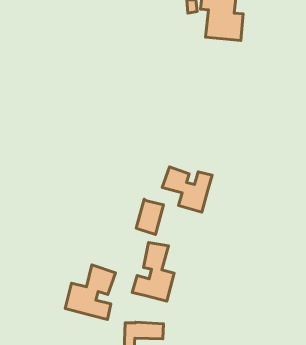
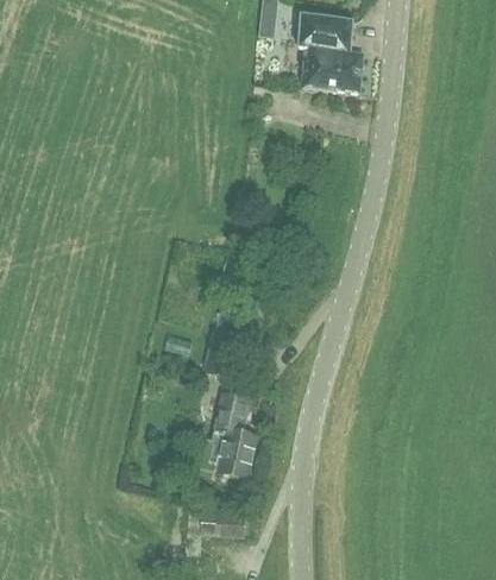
building: [162,167,212,212] -> none
building: [65,265,115,319] -> none

